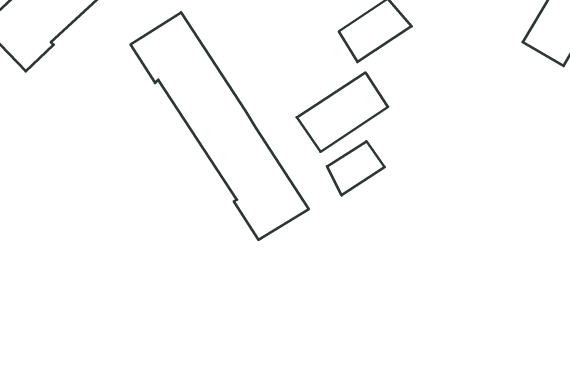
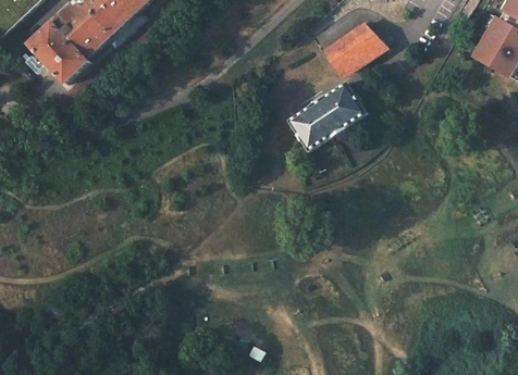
building: [131,12,309,240] -> none
building: [327,141,385,195] -> none

